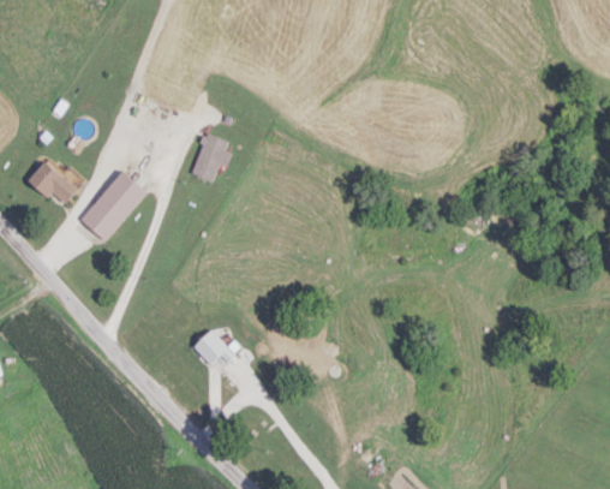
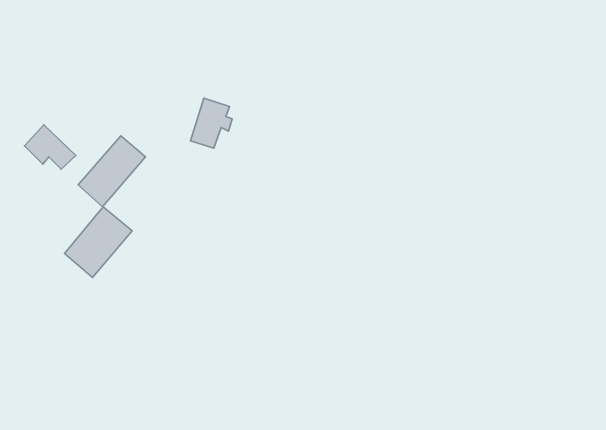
building: none -> [64,207,132,278]
building: [195,332,237,362] -> none

